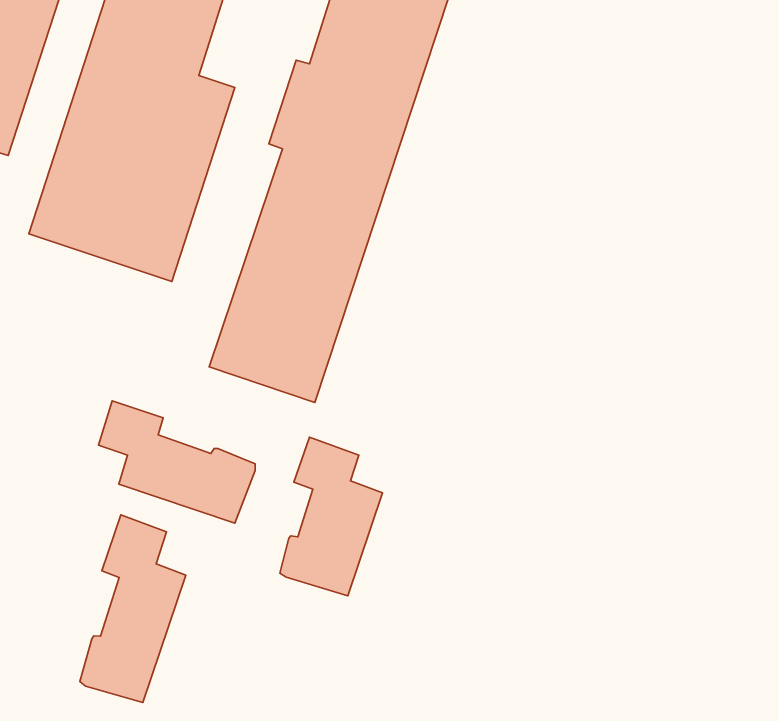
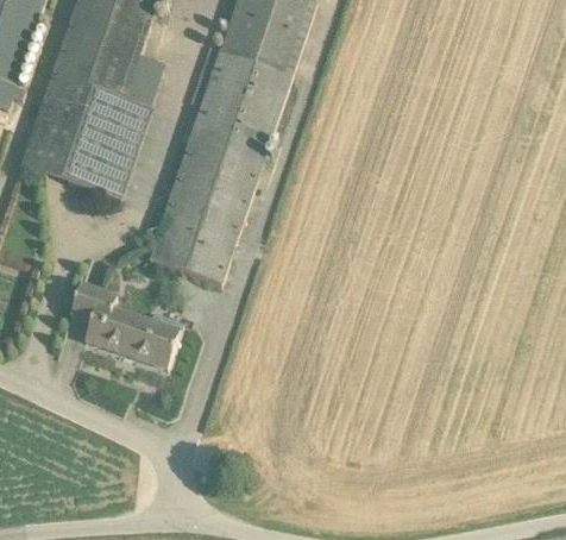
building: [280,437,382,596] -> none
building: [80,515,186,703] -> none

